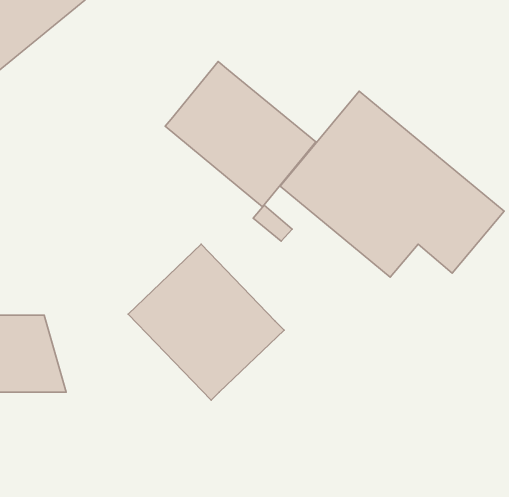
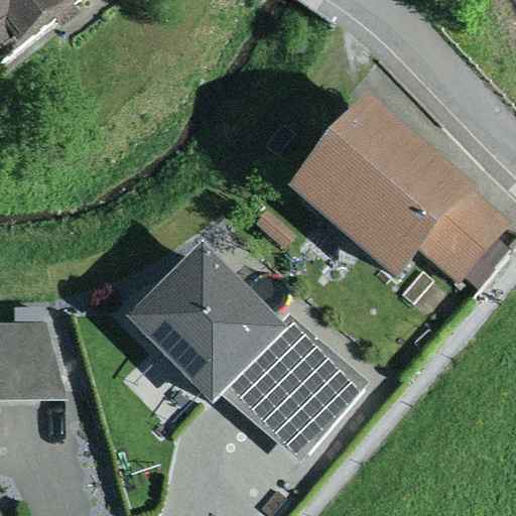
building: [165,61,316,207] -> none
building: none -> [221,309,368,460]

